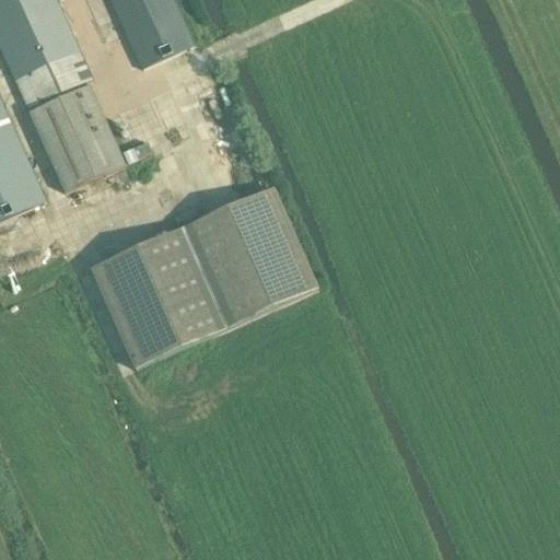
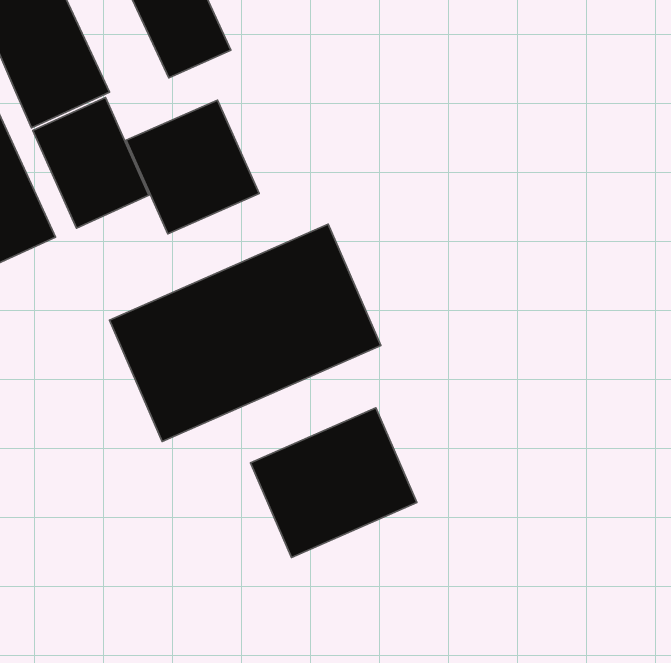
building: none -> [126,100,259,234]
building: none -> [251,408,417,558]

